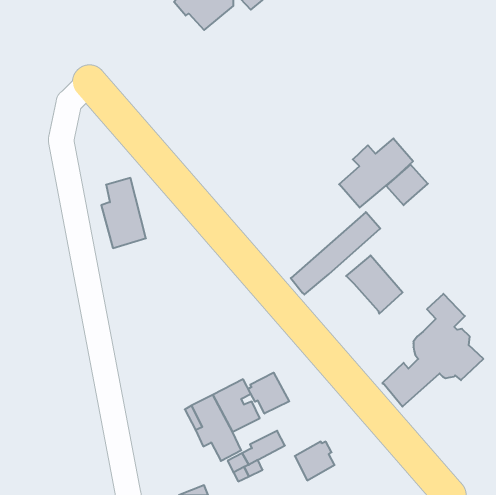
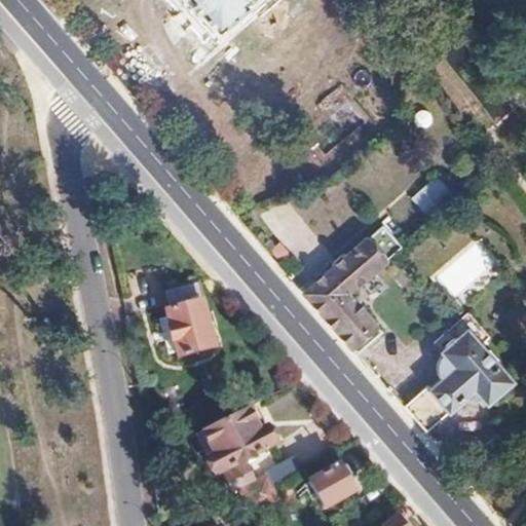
building: [339,138,413,208] -> none
building: [101,178,146,248] -> [166,281,214,355]
building: [346,255,403,314] -> [323,290,382,351]
building: [248,373,289,414] -> none

